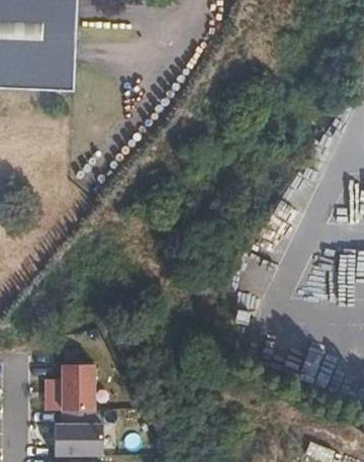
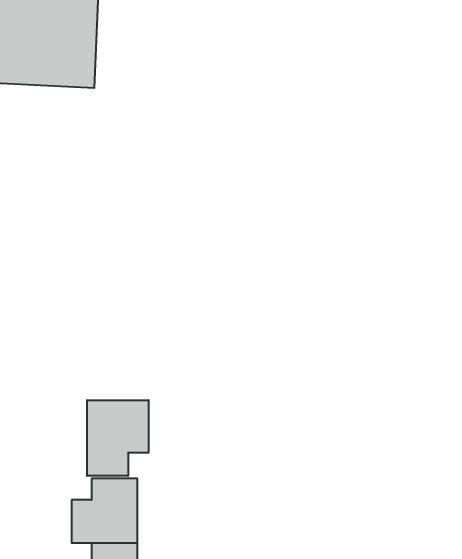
building: none -> [87,400,149,476]

